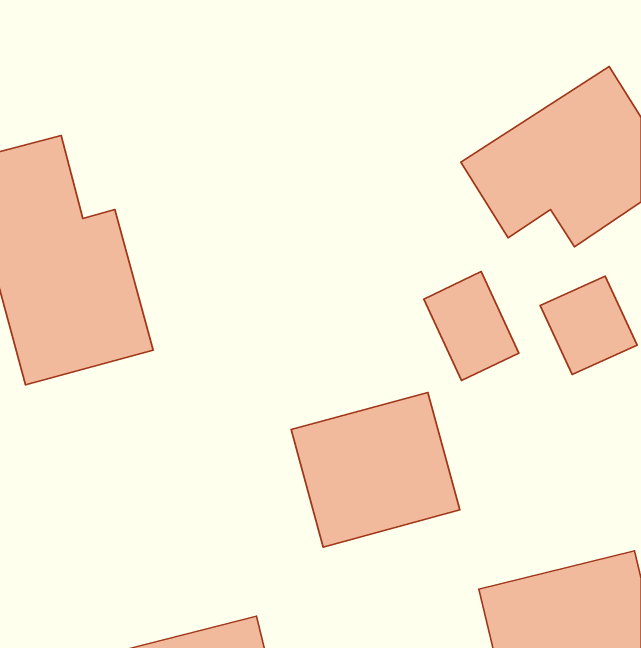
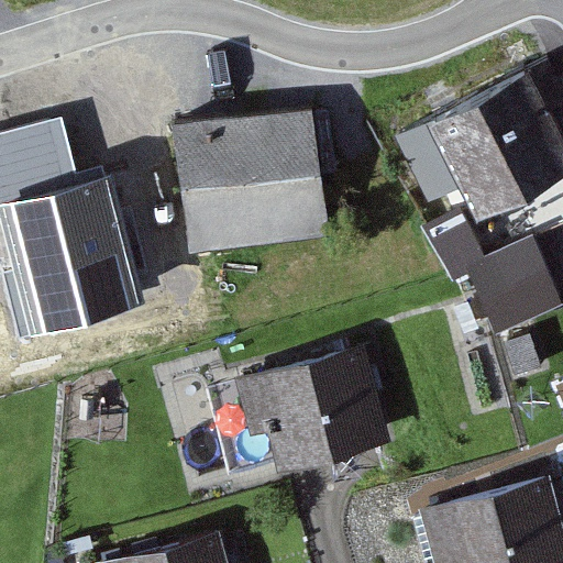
building: none -> [176,110,335,256]
building: [424,272,519,381] -> none

